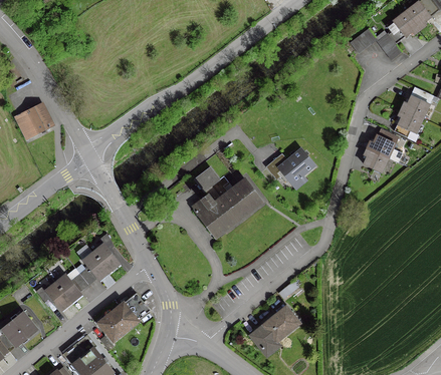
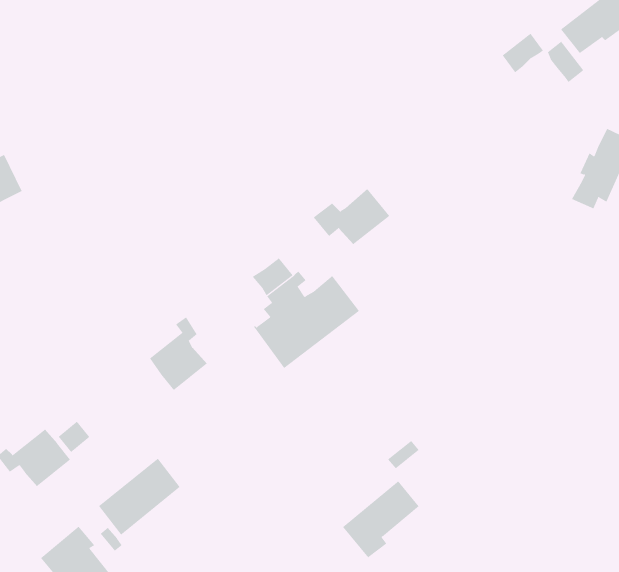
building: [363,133,401,171] -> none
building: [266,148,314,183] -> [313,188,390,245]
building: [82,234,119,280] -> [149,317,207,391]

